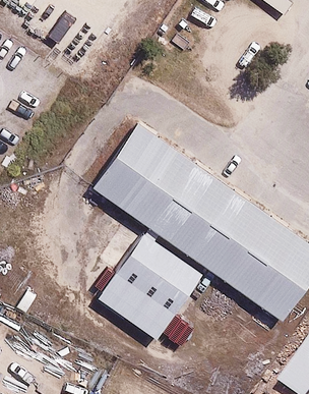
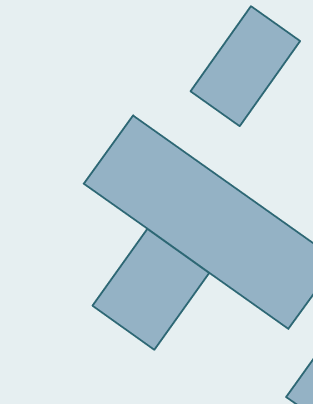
building: none -> [191,6,300,126]

